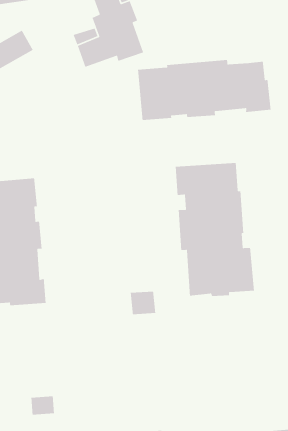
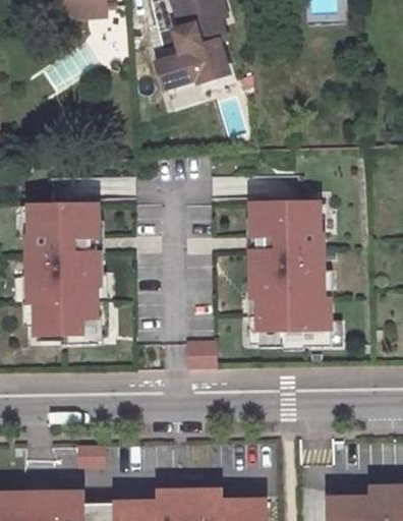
building: [137,59,272,121] -> none

